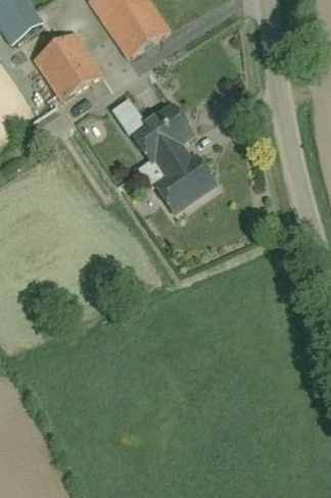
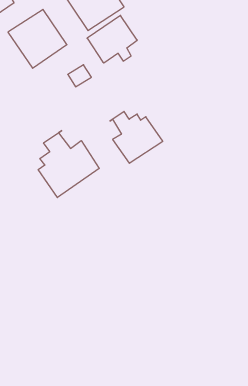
building: [133,106,191,161] -> [87,15,137,63]
building: none -> [38,131,99,198]

